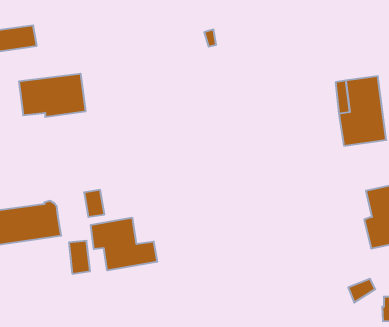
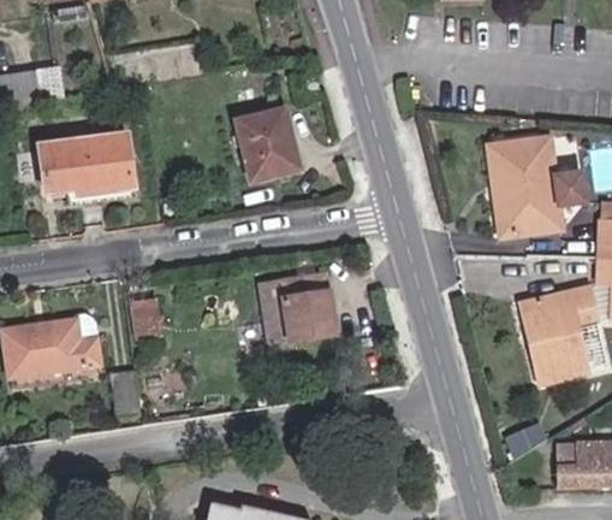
building: none -> [236,107,301,181]
building: none -> [263,274,334,341]
building: [91,218,157,270] -> none

